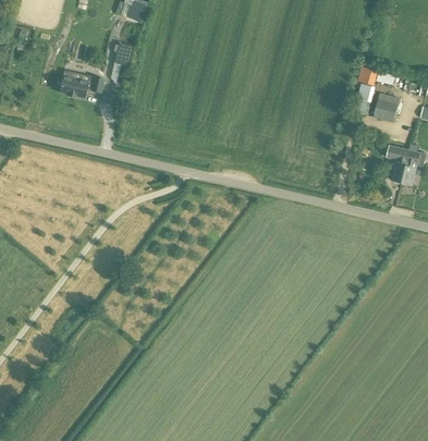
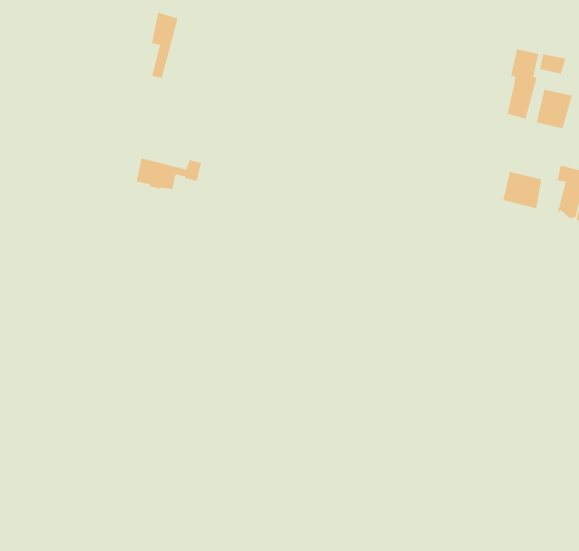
building: [59,75,103,97] -> [136,158,202,190]
building: none -> [502,171,542,209]

